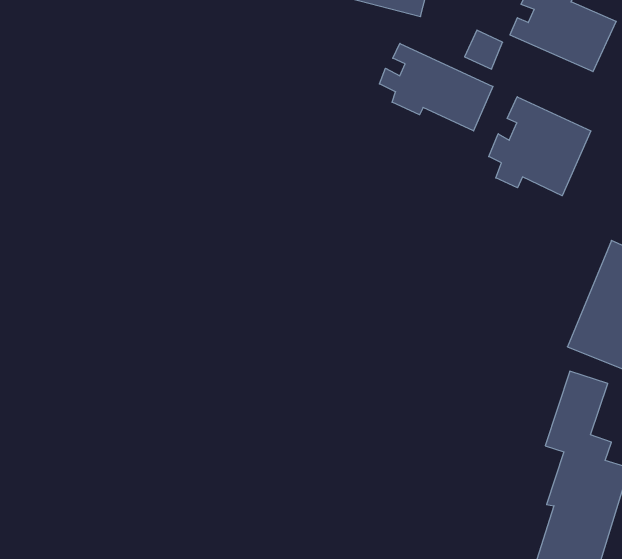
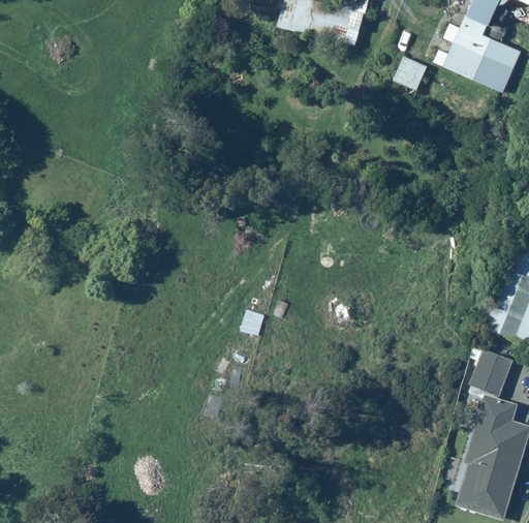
building: [379,43,493,131] -> none
building: [489,97,591,196] -> none

